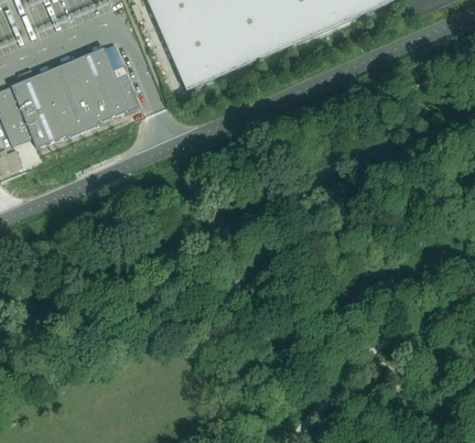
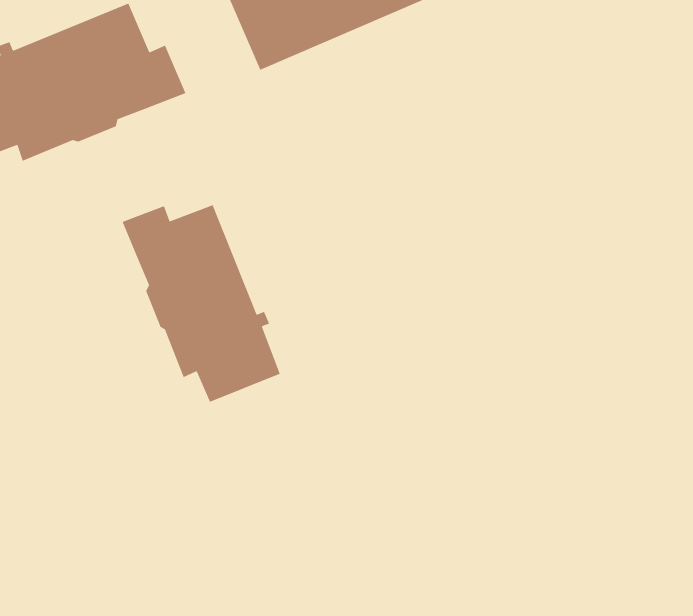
building: none -> [121,204,281,403]

